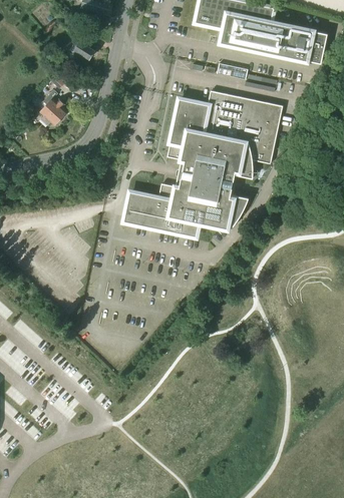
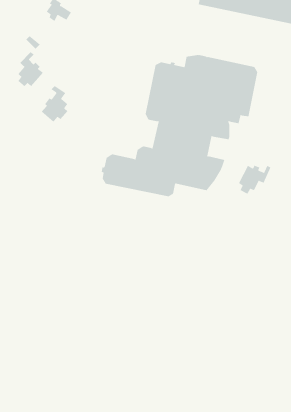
building: none -> [41,85,68,122]
building: none -> [238,165,271,194]

